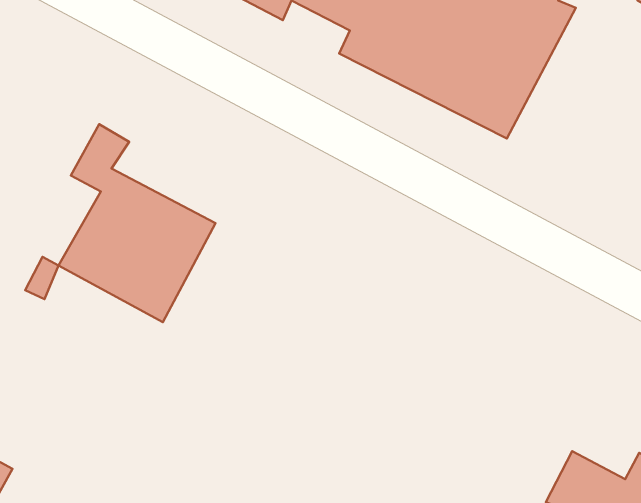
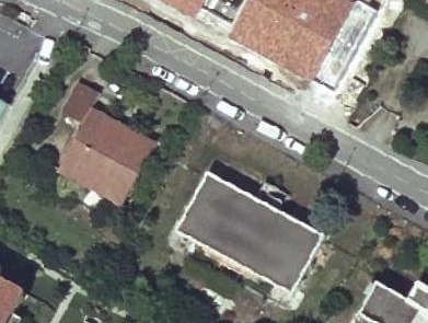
building: none -> [180,172,326,293]

